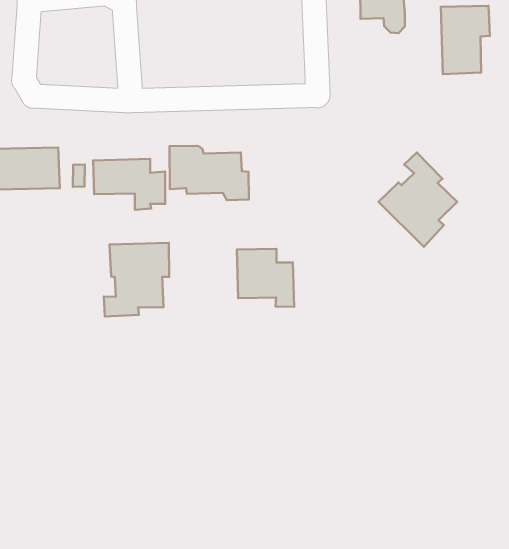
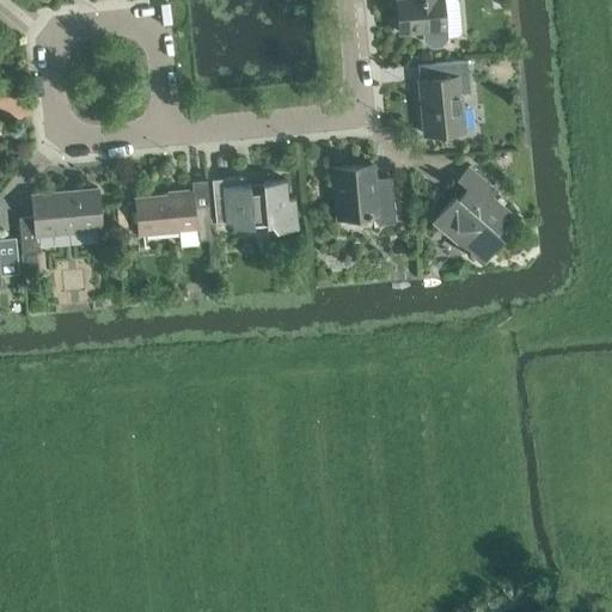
building: [441,6,490,74] -> [418,62,471,136]
building: [104,243,169,316] -> none
building: [237,249,294,307] -> [333,166,397,226]

